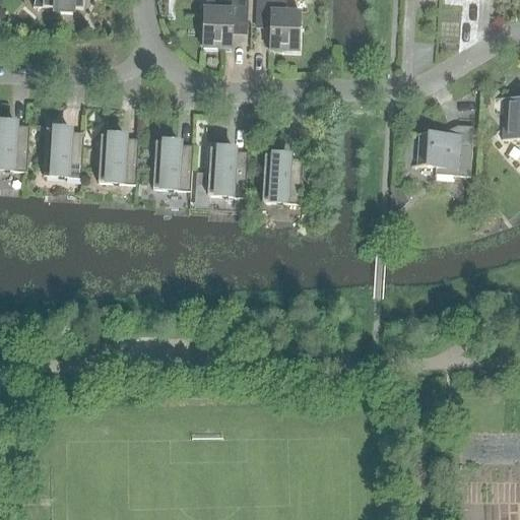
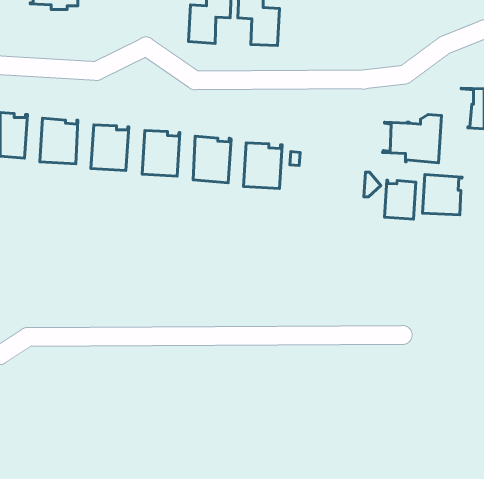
building: none -> [423,175,462,215]
building: none -> [385,180,416,219]

